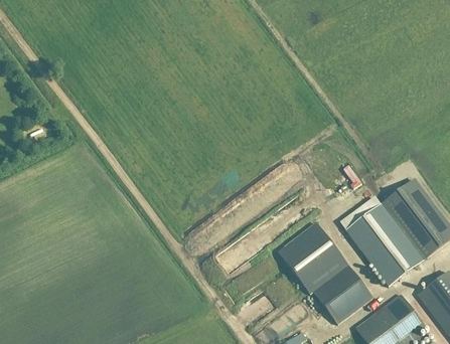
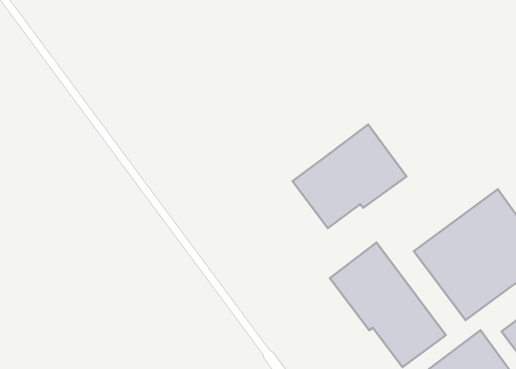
building: none -> [292,124,406,228]

